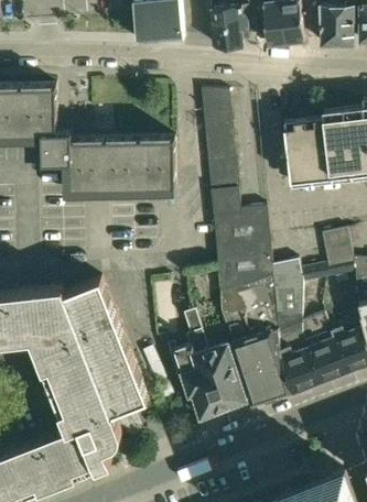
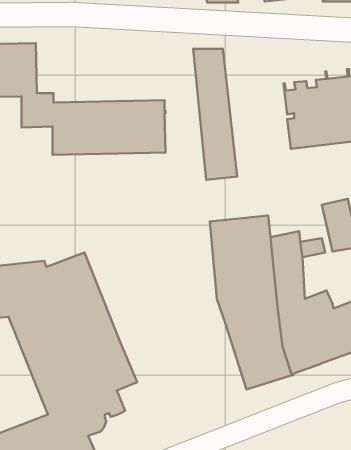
building: [213,207,270,251] -> none
building: [166,312,245,418] -> none

